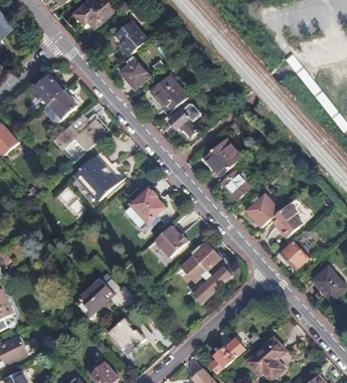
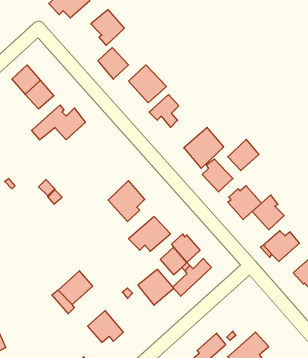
building: none -> [228,139,259,171]
building: [74,156,119,200] -> none
building: none -> [138,269,174,305]

